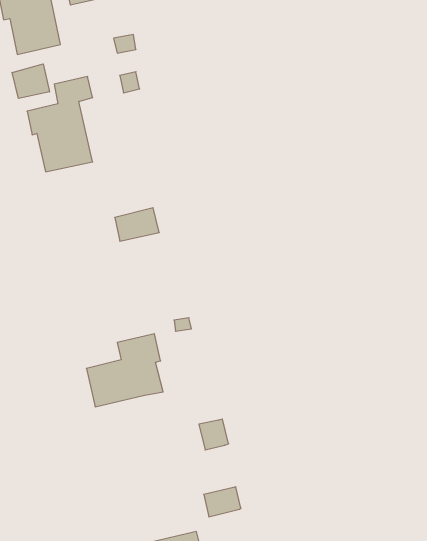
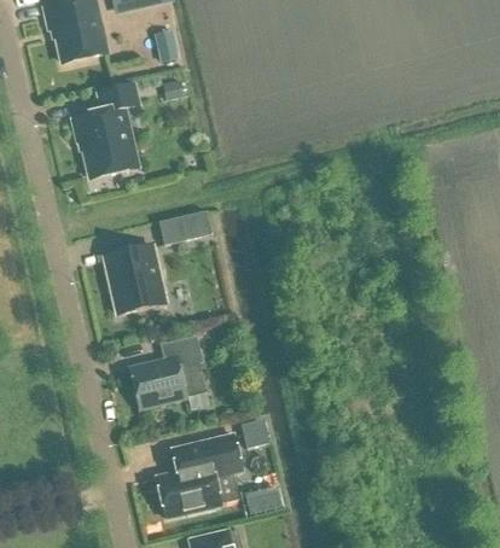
building: [12,64,49,98] -> none
building: none -> [104,244,163,313]
building: none -> [155,433,240,517]

